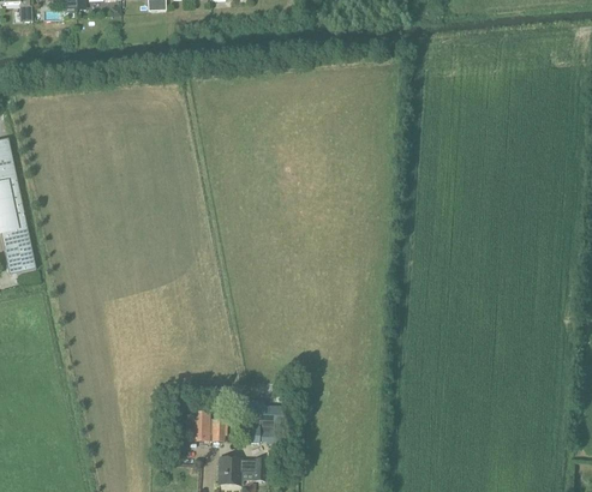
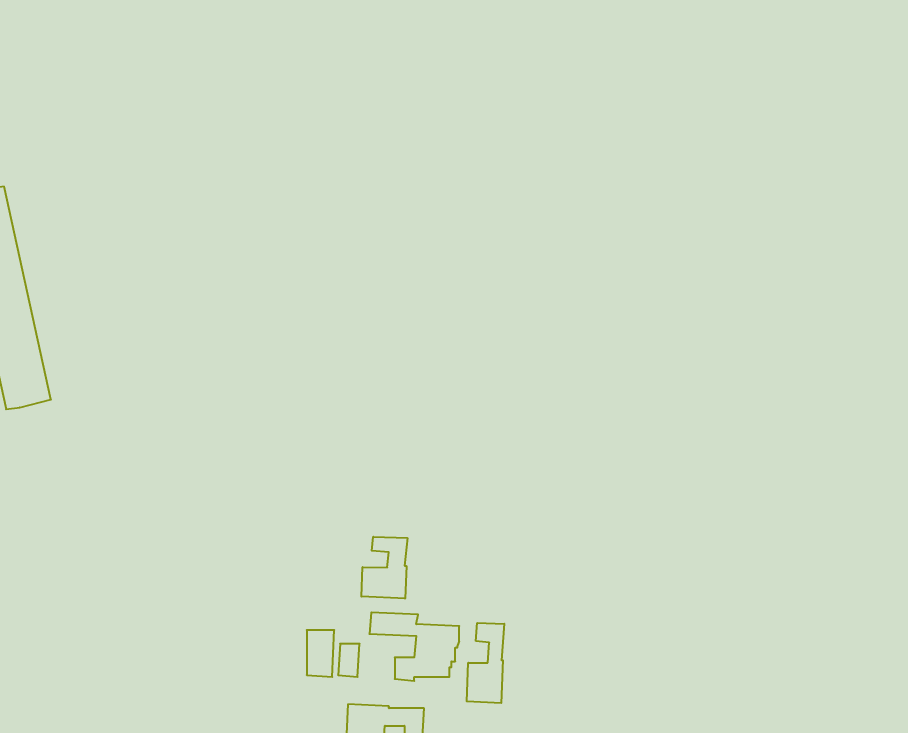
building: none -> [361,537,407,599]
building: none -> [467,623,504,703]

